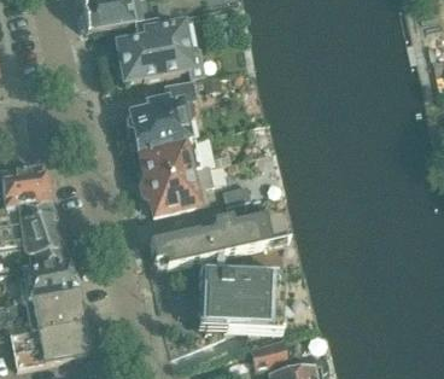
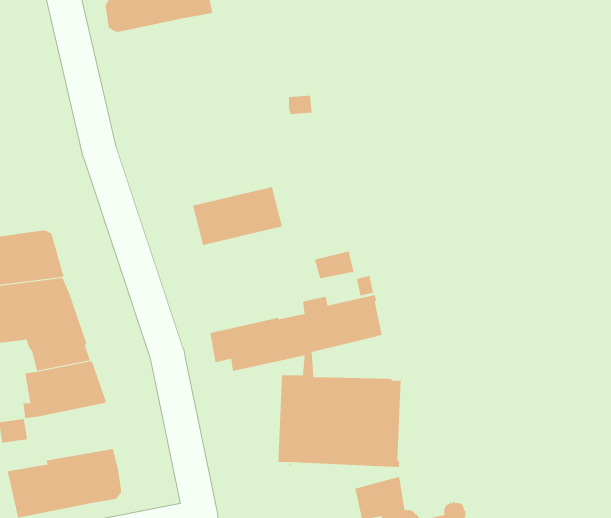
building: [116,16,195,80] -> none
building: [125,77,197,151] -> none
building: [141,164,214,215] -> none
building: [31,287,86,327] -> none

